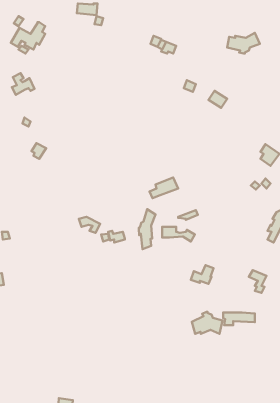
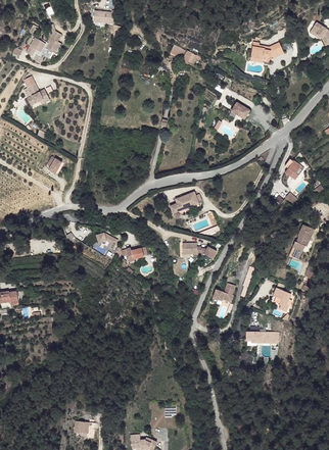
building: [139,209,155,249] -> none
building: [192,312,222,334] -> none

